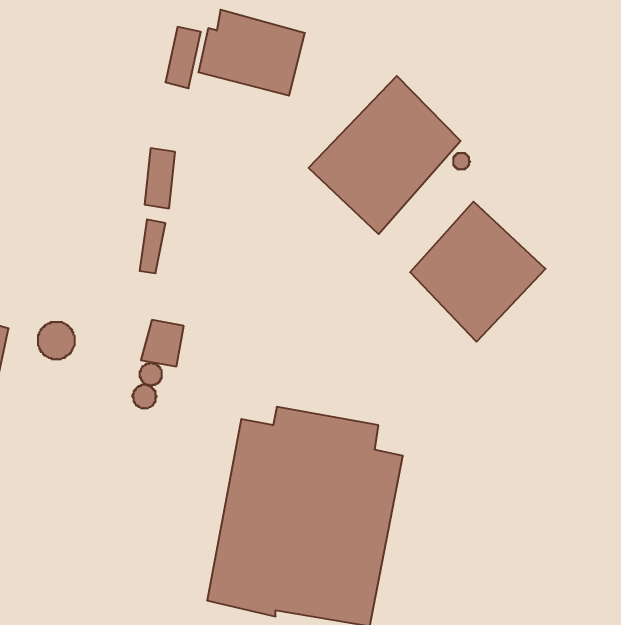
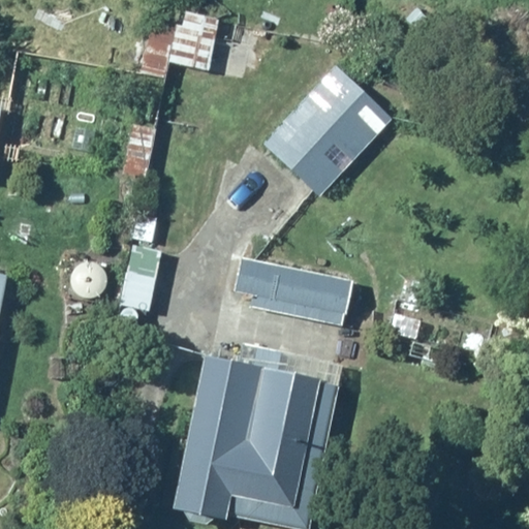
building: [410,202,546,342] -> none
building: none -> [232,257,350,325]

